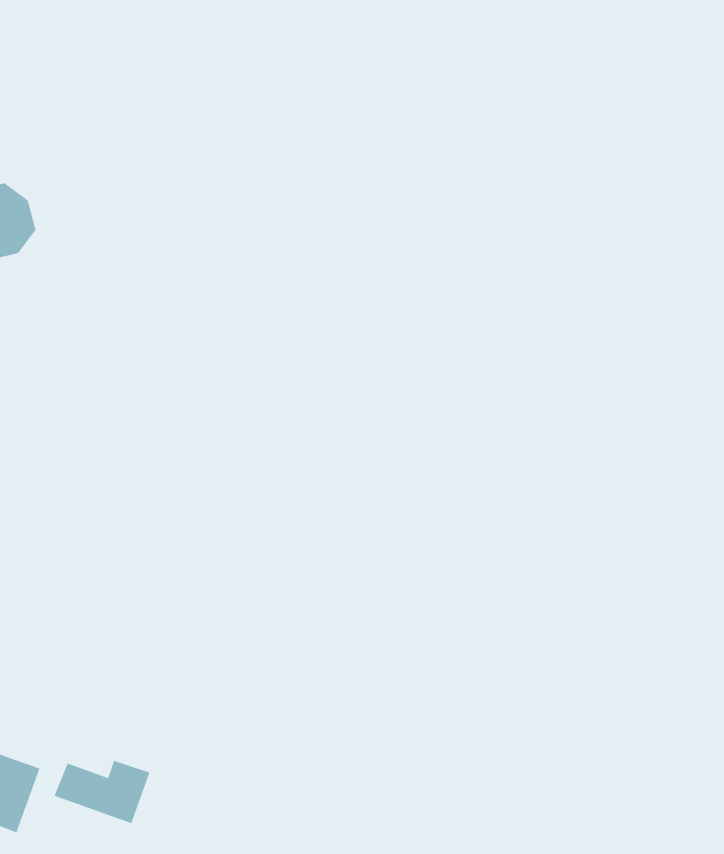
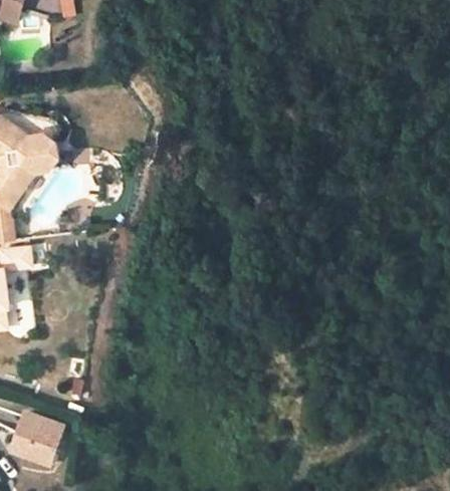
building: [53,760,150,824] -> none

